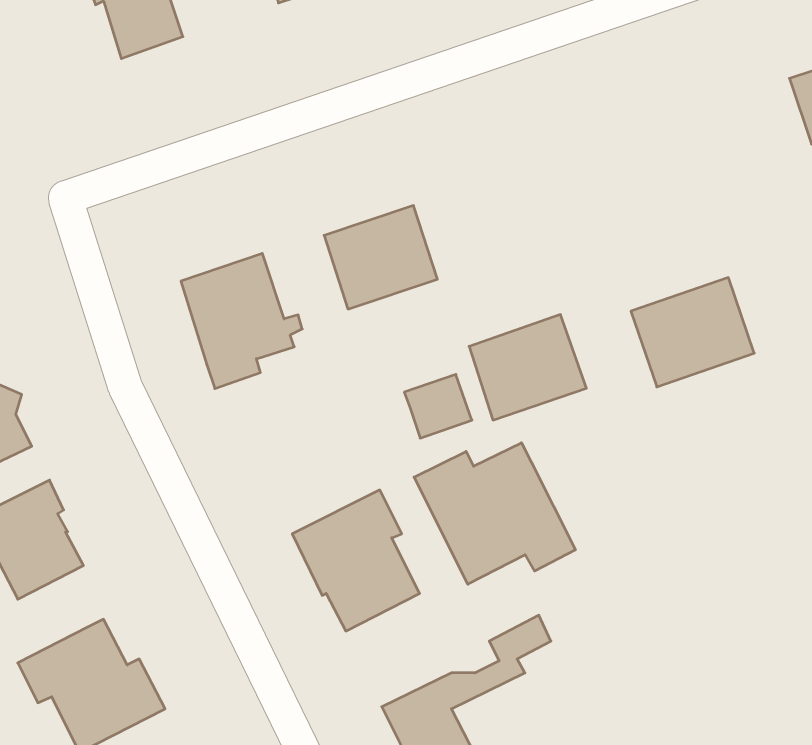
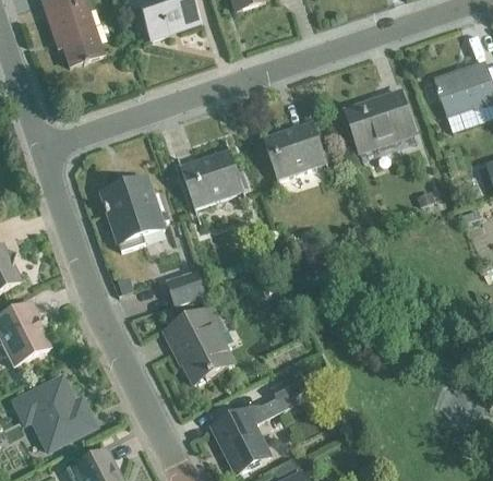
building: [631,278,754,387] -> [347,92,414,152]
building: [469,315,586,420] -> [263,122,327,180]
building: [404,374,472,438] -> [167,269,204,304]
building: [414,443,575,584] -> none

